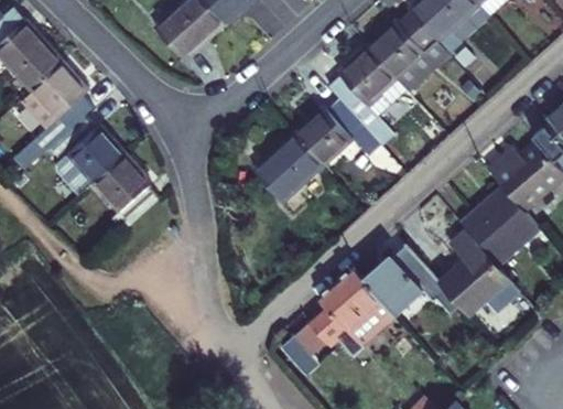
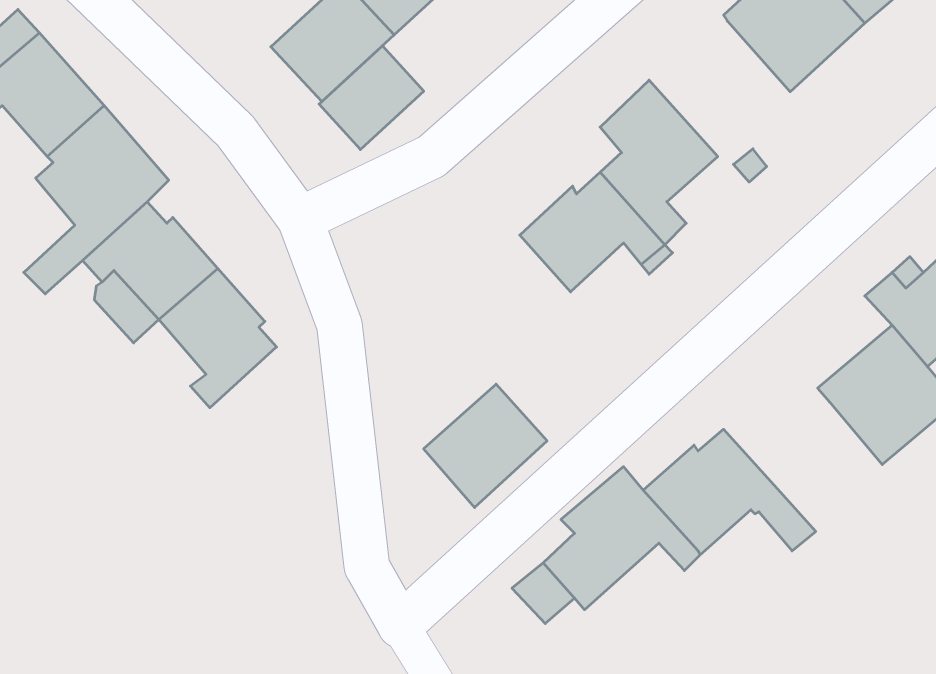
building: [367,15,448,94] -> none
building: none -> [319,46,424,150]
building: [253,136,323,205] -> [424,384,547,508]
building: [441,229,522,315] -> none

